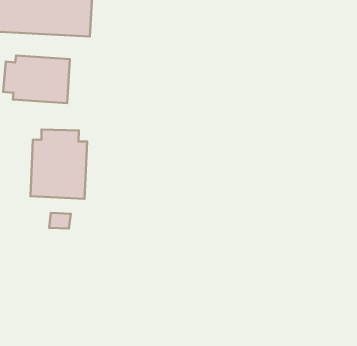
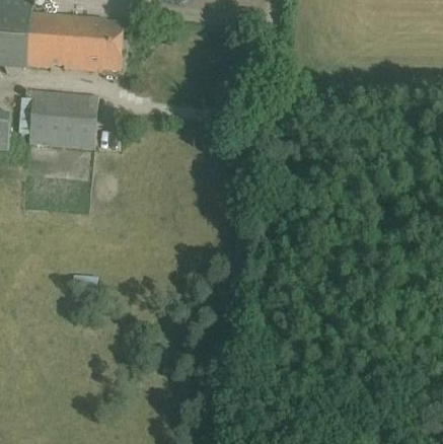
building: [31,130,87,199] -> none

